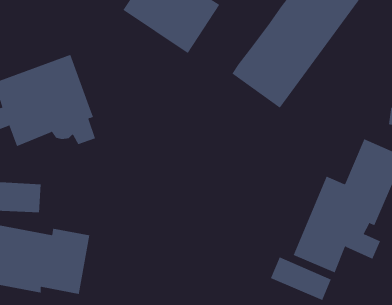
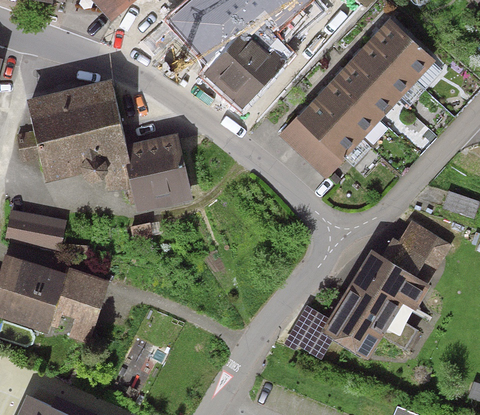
building: none -> [124,137,190,206]
building: [270,257,331,301] -> none

